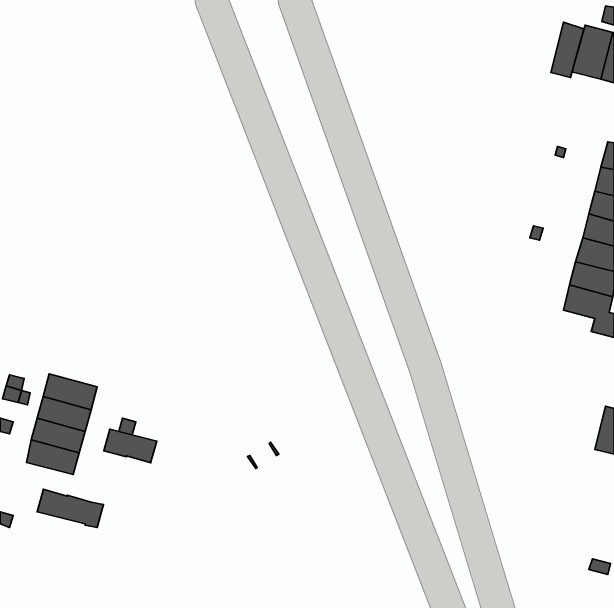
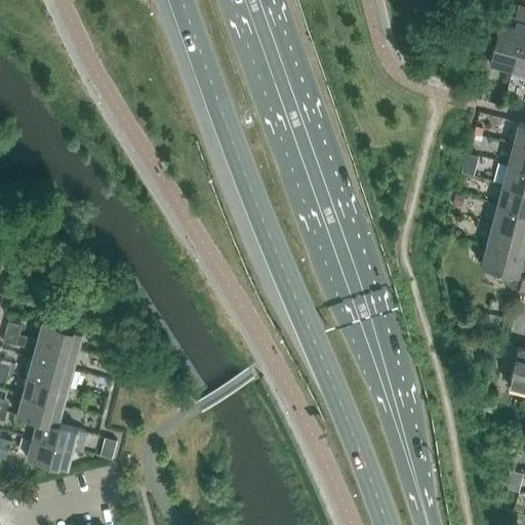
building: [551,22,584,77] -> none
building: [104,429,157,463] -> [17,400,63,429]
building: none -> [27,442,73,472]

